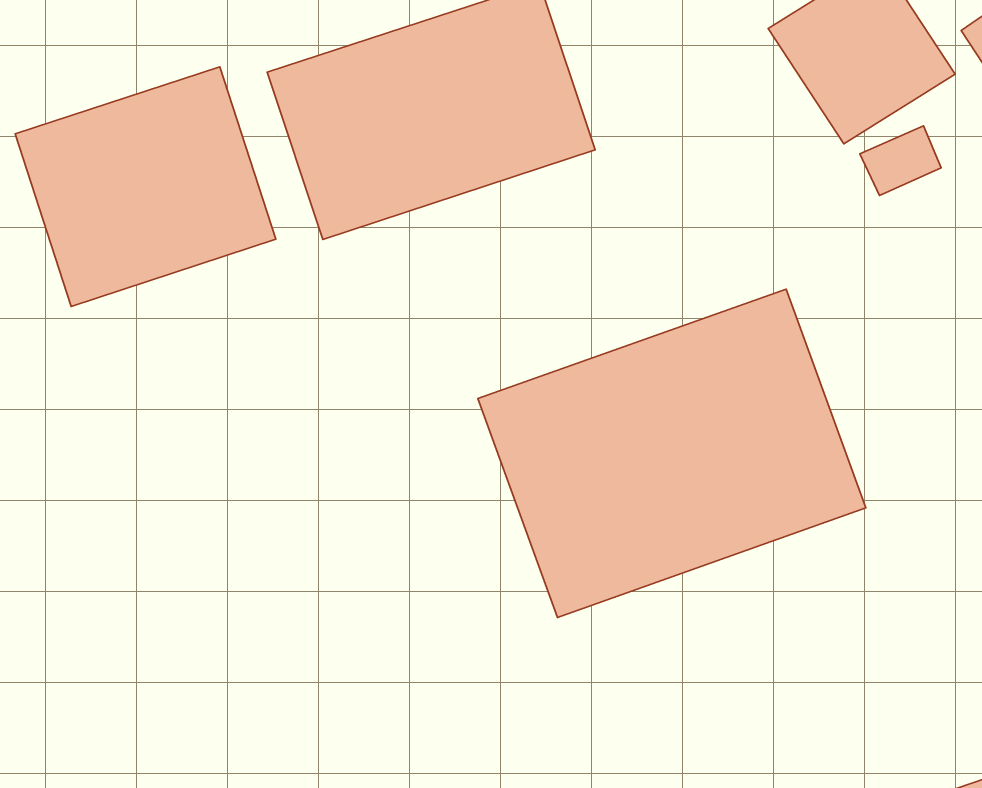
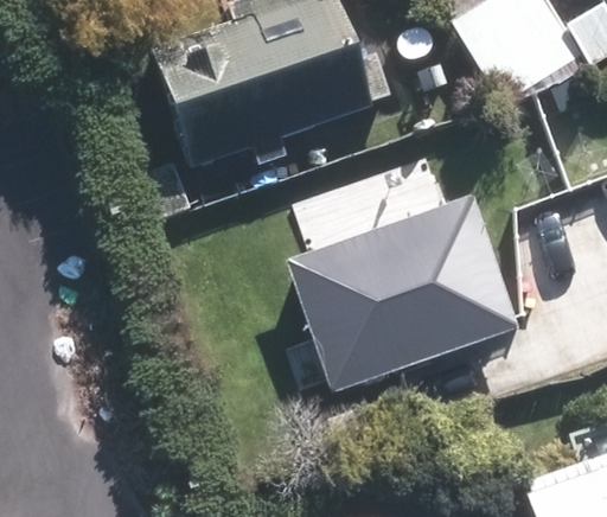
building: [15,67,276,307] -> none

